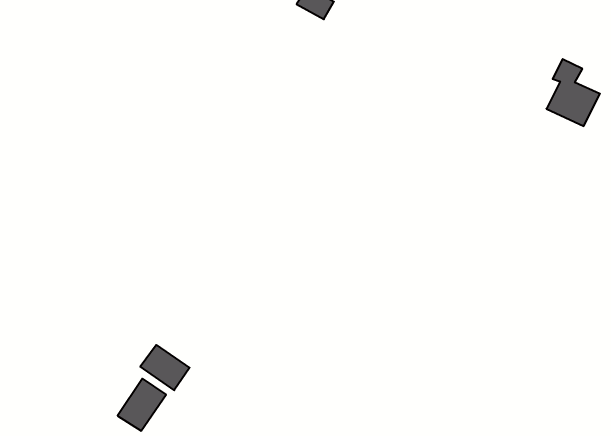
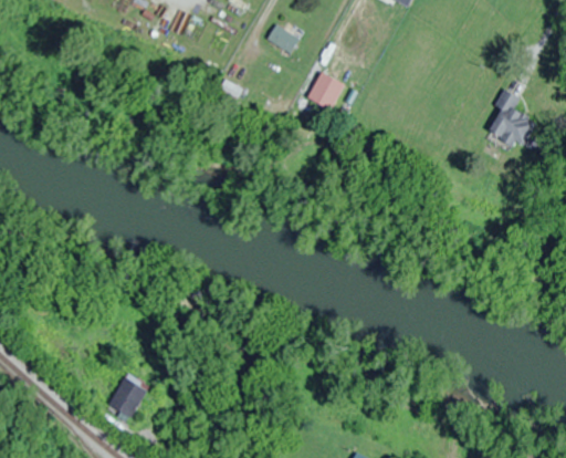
building: none -> [306,71,345,111]
building: [140,345,190,390] -> none

